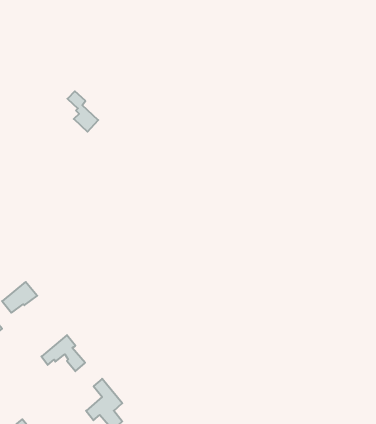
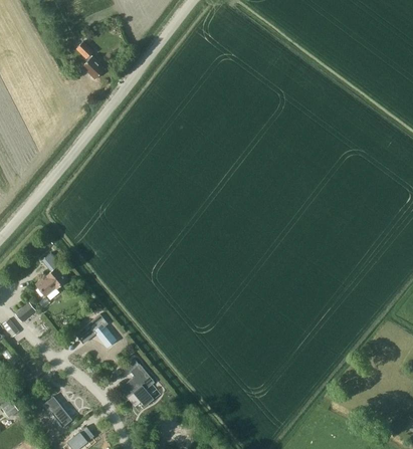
building: [67,91,98,132] -> [76,42,106,80]

